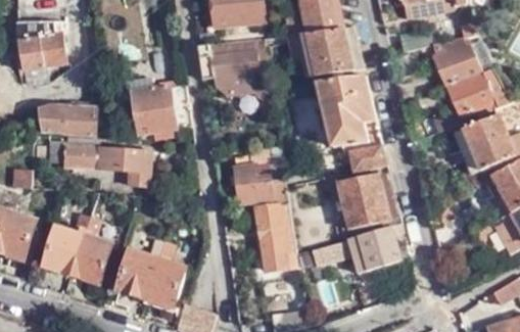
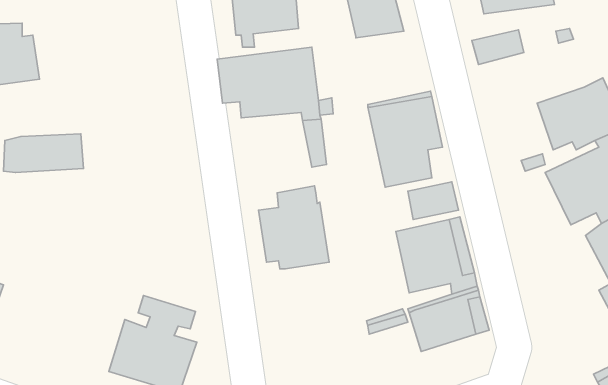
building: [286,32,358,78] -> none
building: [434,40,482,83] -> none
building: [127,87,193,136] -> none
building: [67,137,154,192] -> none
building: [44,208,114,284] -> none
building: [254,208,297,274] -> none

